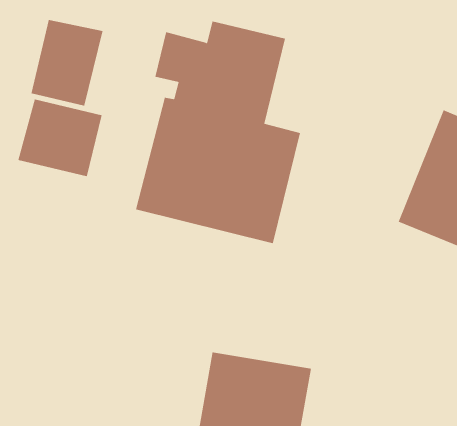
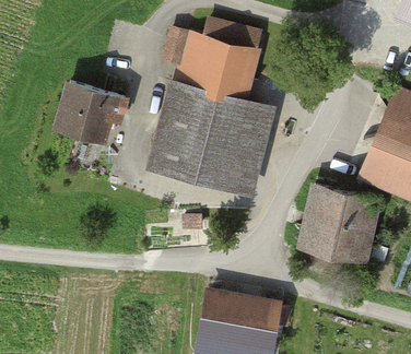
building: [31,19,103,106] -> none
building: none -> [297,185,381,262]

